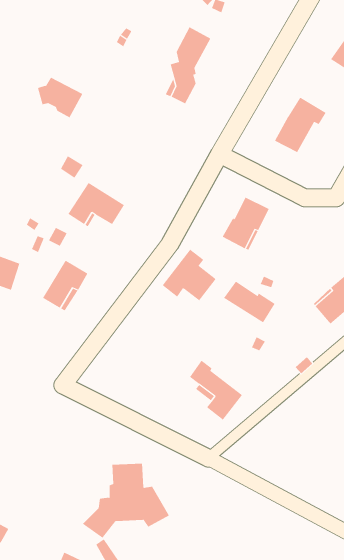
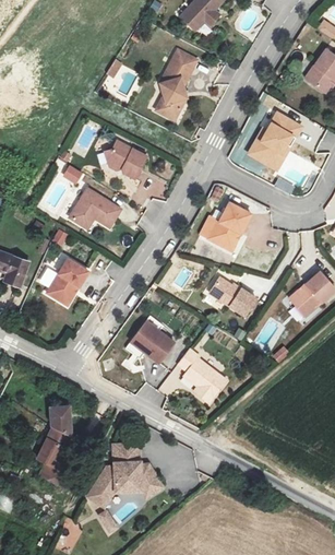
building: [37,77,83,118] -> [105,141,146,178]
building: none -> [248,128,295,169]
building: [162,249,216,301] -> [125,315,175,362]
building: none -> [34,406,72,487]

